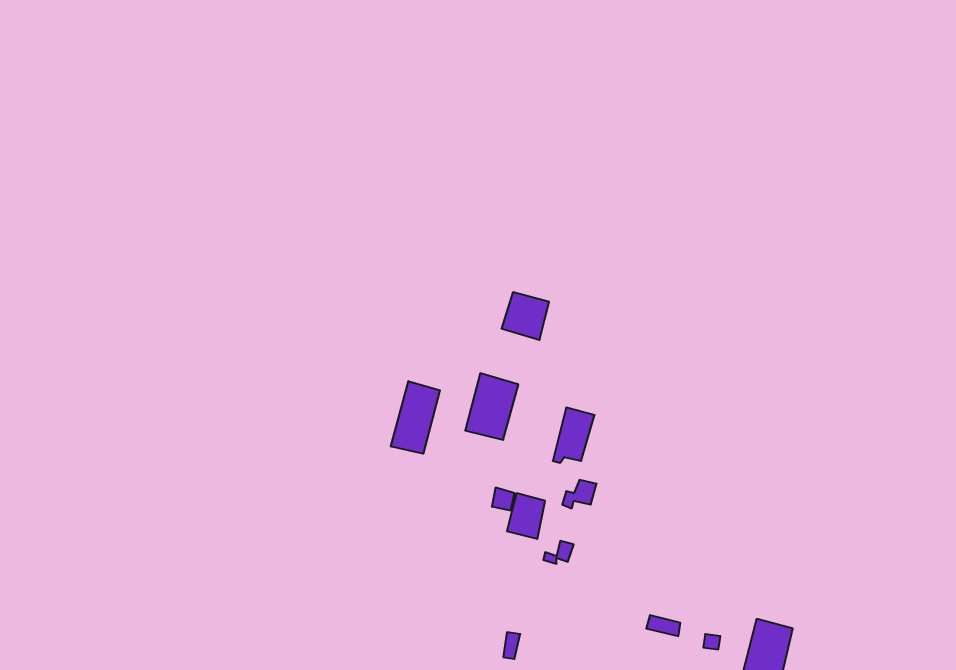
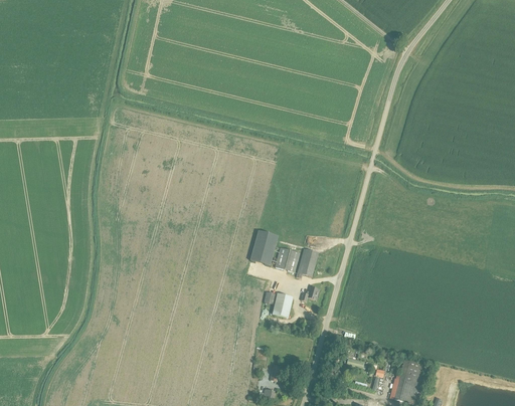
building: [501,292,549,340] -> [274,246,299,271]
building: [391,381,440,454] -> none

